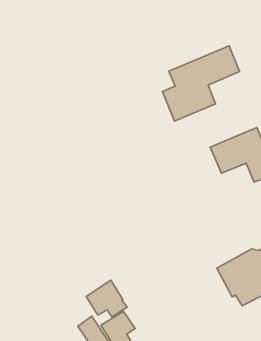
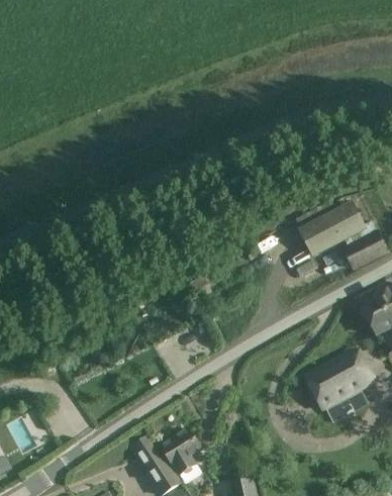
building: [162,46,239,121] -> none
building: [86,280,127,317] -> none

